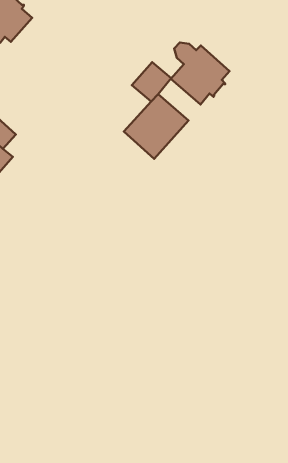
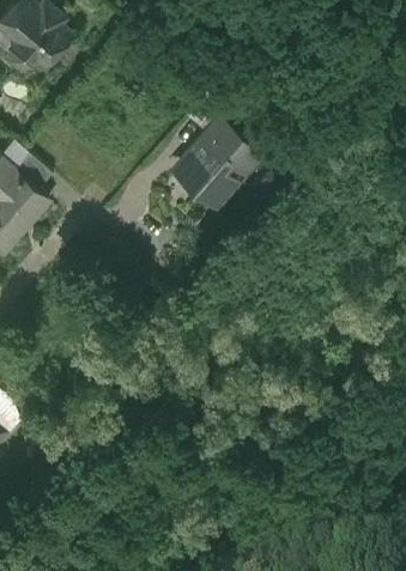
building: [171,43,229,104] -> none

